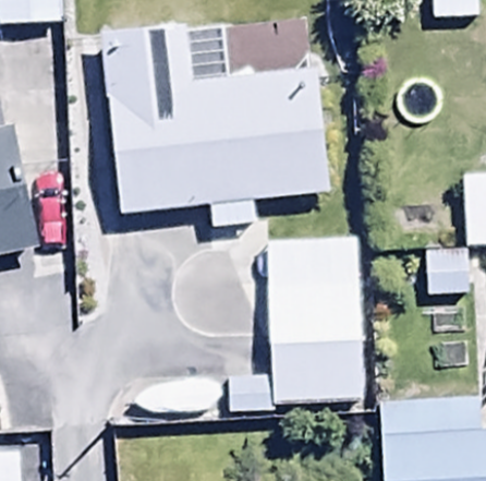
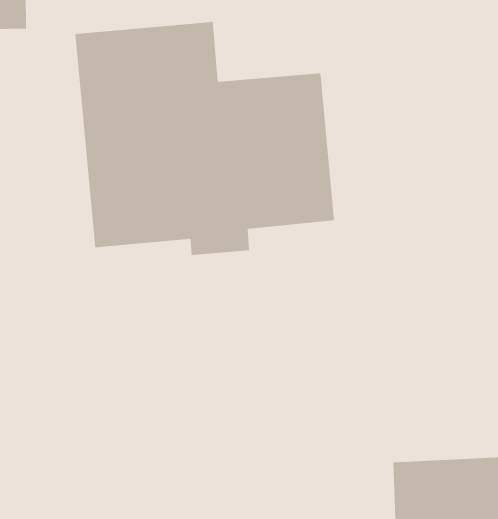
building: [263,202,362,357] -> none

